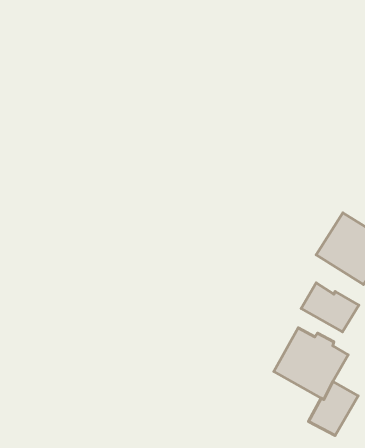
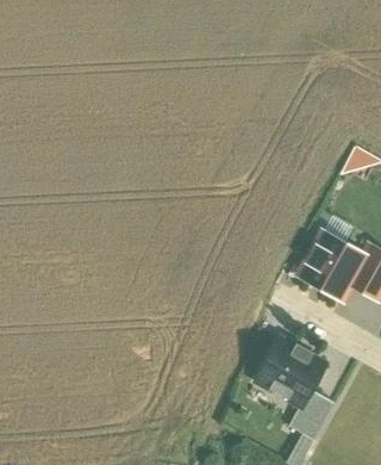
building: [301,283,359,332] -> none

